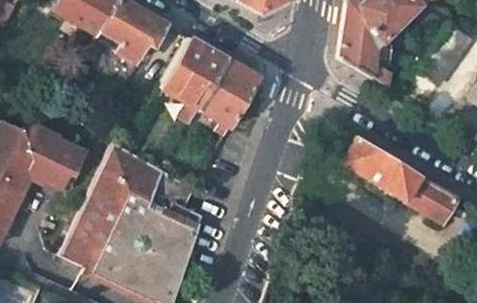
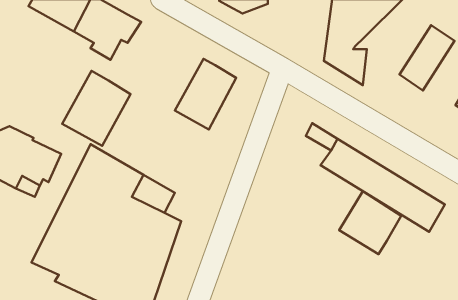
building: [162,38,228,110] -> [62,71,131,146]
building: none -> [339,191,401,254]

